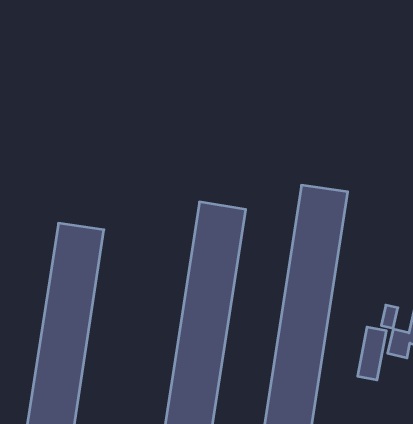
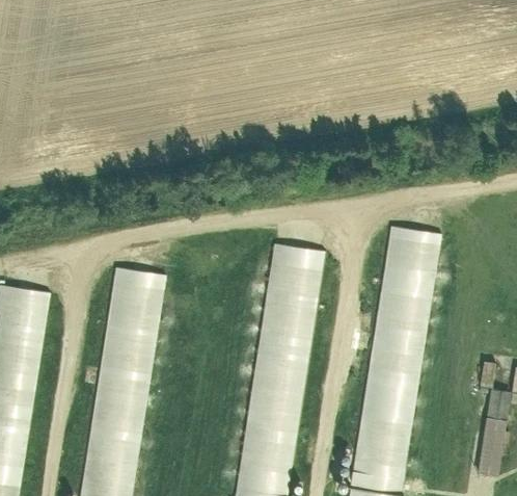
building: [358,327,386,380] -> [474,416,507,475]

